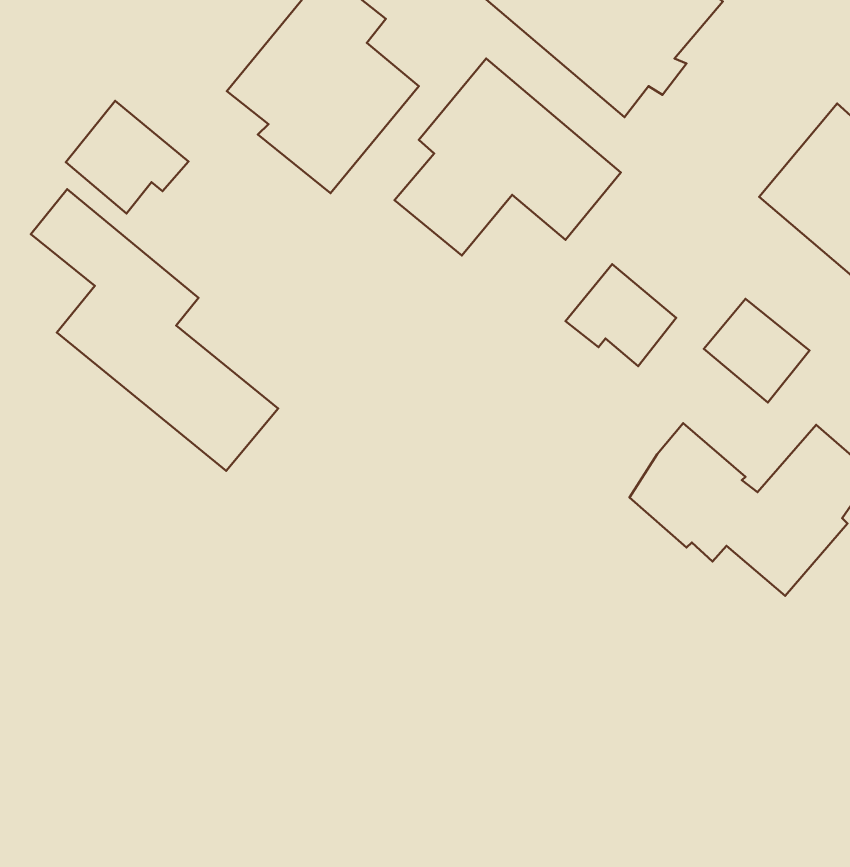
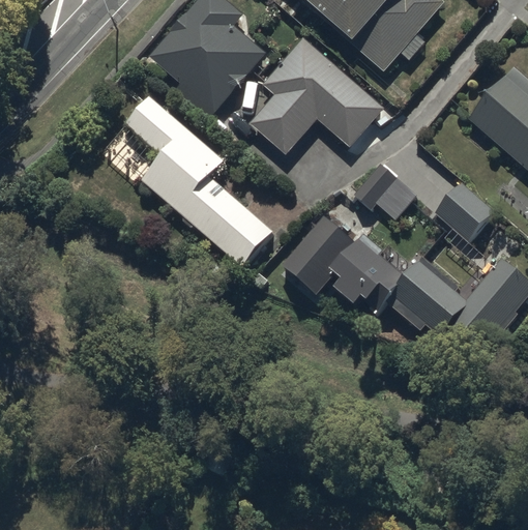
building: [66,101,188,214] -> none
building: [31,189,278,471] -> [125,96,273,265]
building: none -> [280,215,405,314]

